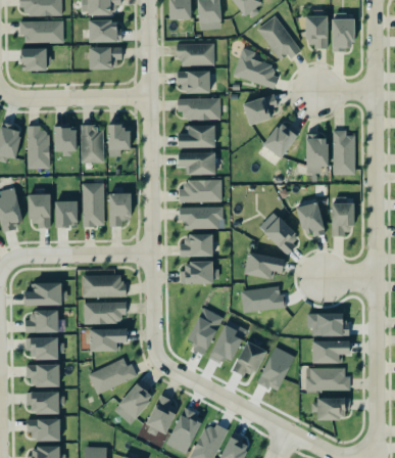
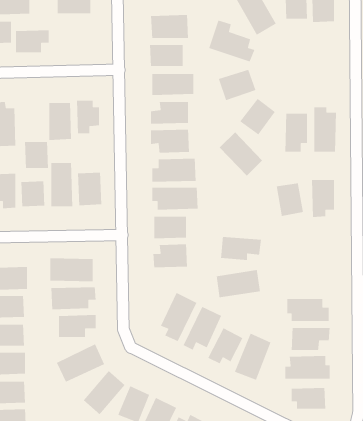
building: [89,46,121,68] -> [15,30,49,53]
building: [53,126,77,152] -> [24,141,49,169]
building: [258,211,300,254] -> [219,131,263,176]

